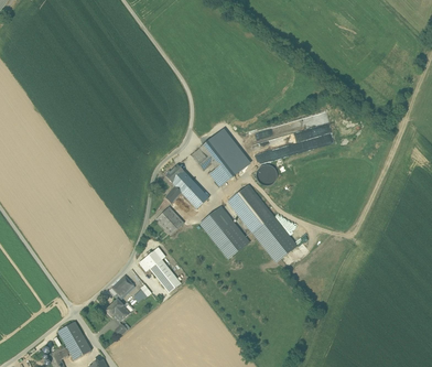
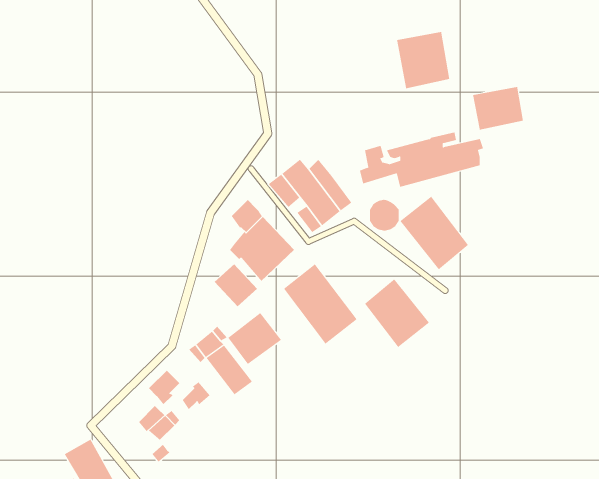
building: none -> [396,31,450,89]
building: none -> [472,86,524,130]
building: [228,184,273,233] -> [400,196,469,270]
building: none -> [227,312,282,365]

